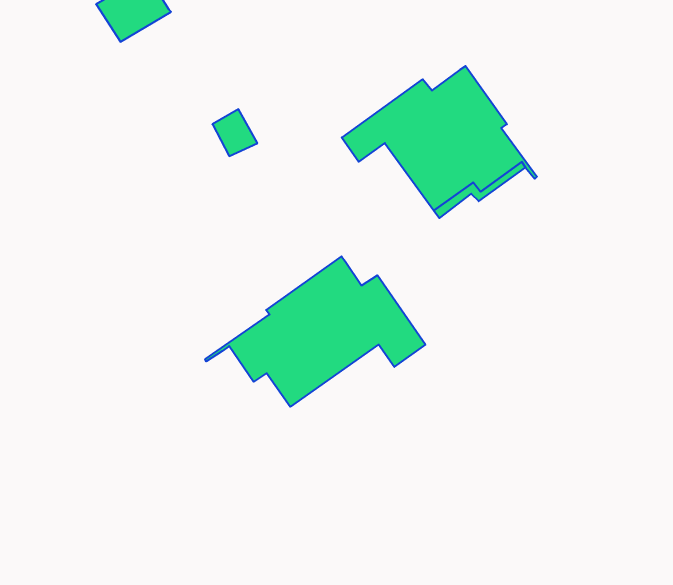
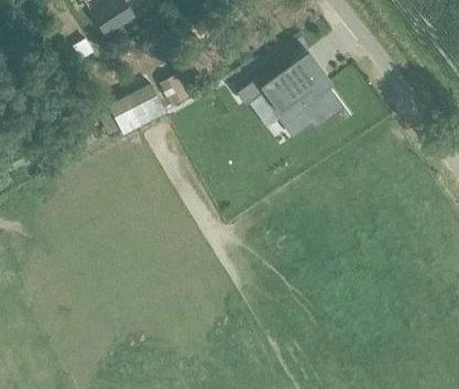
building: none -> [96,82,165,135]
building: [205,256,425,407] -> none

